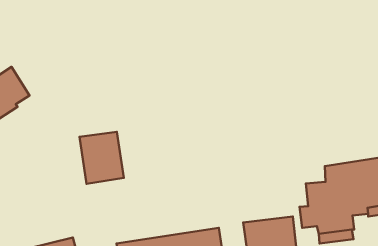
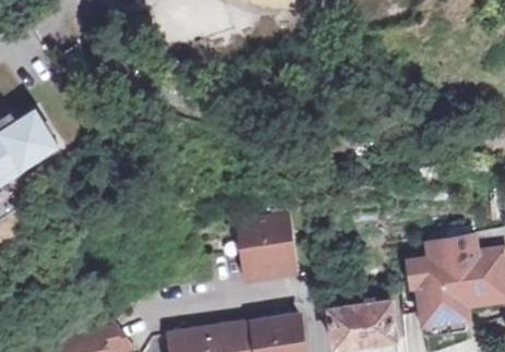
building: [80,132,124,184] -> [238,215,293,280]

